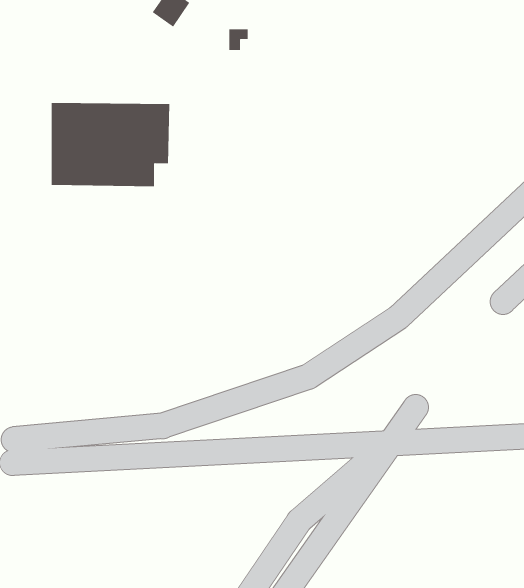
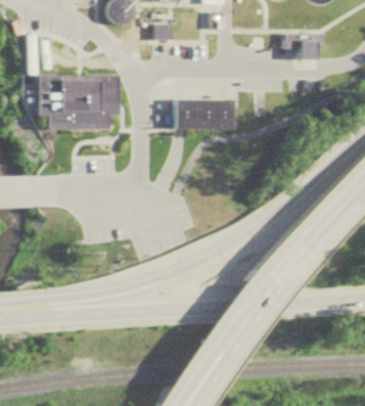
building: none -> [176,100,234,130]

